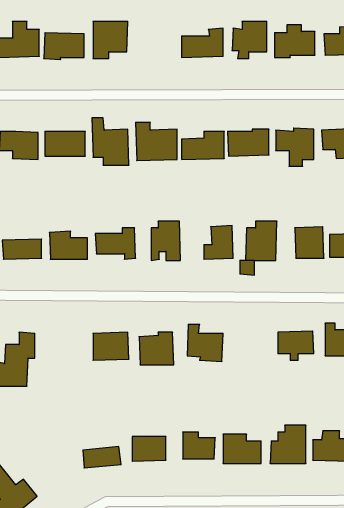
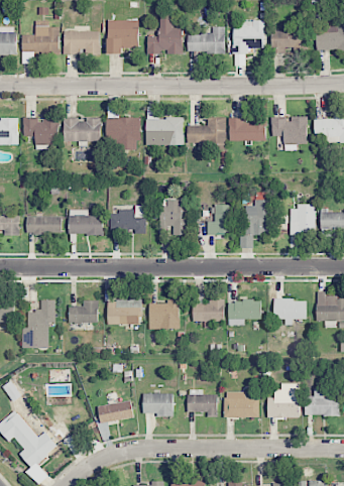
building: none -> [147,13,183,53]
building: none -> [70,300,98,324]
building: none -> [229,300,261,325]

